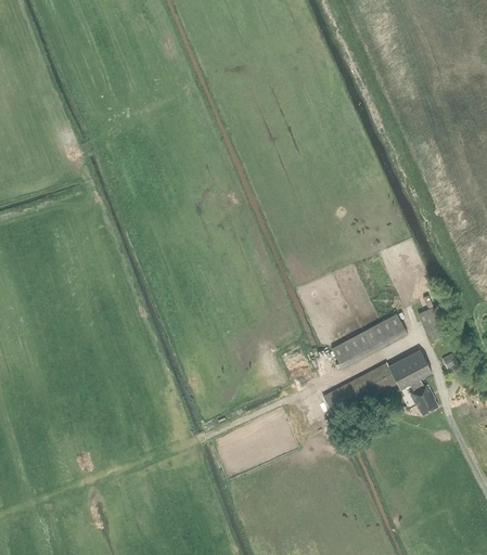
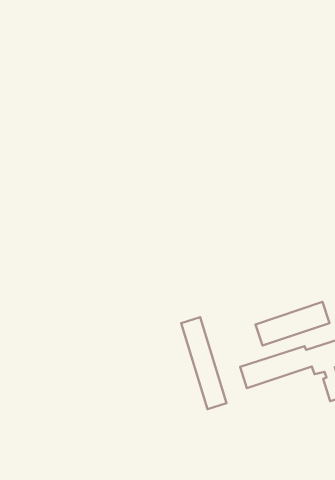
building: none -> [181,317,227,409]

